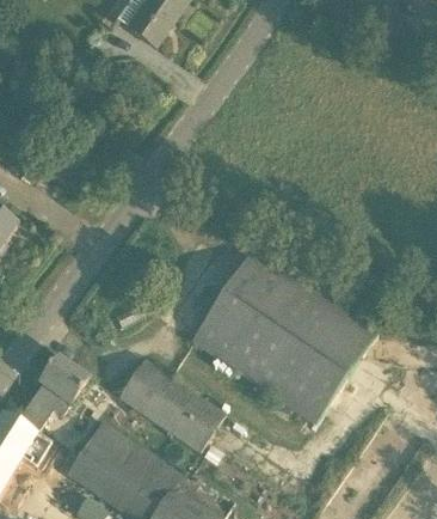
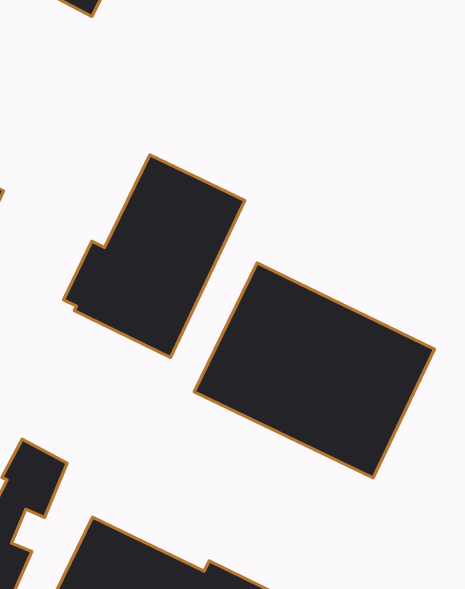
building: none -> [64,155,245,358]
building: [116,358,222,450] -> none

